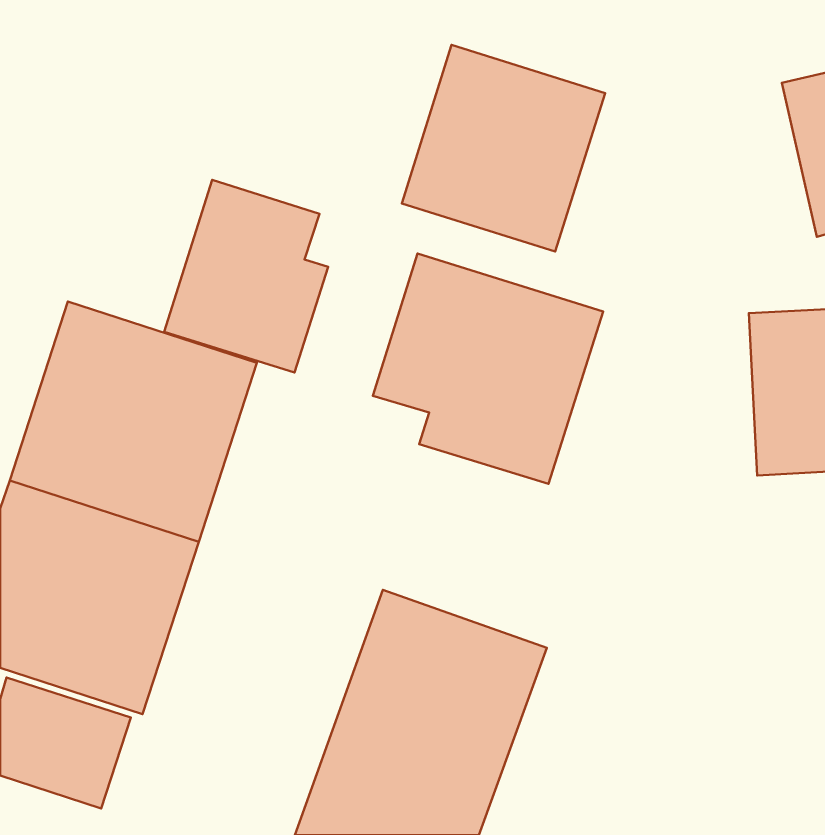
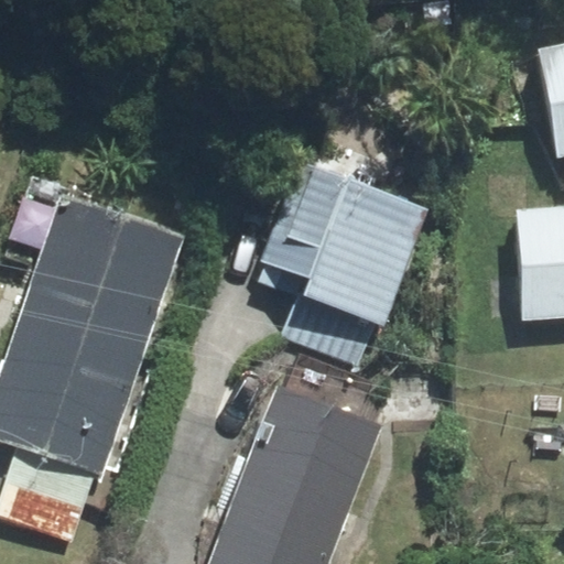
building: [402,45,605,252] -> none
building: [164,180,328,372] -> none

